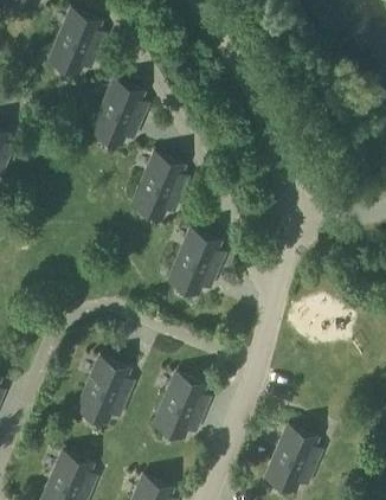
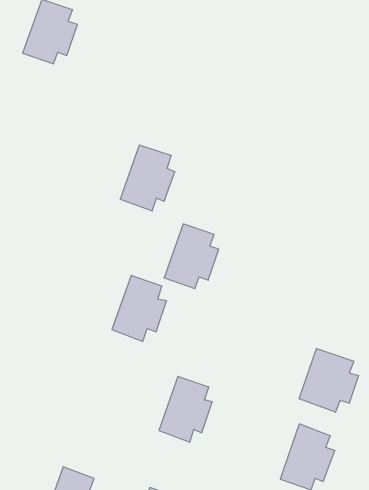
building: [91,81,144,143] -> none
building: none -> [299,349,358,412]
building: [77,359,130,422] -> [112,276,167,341]

